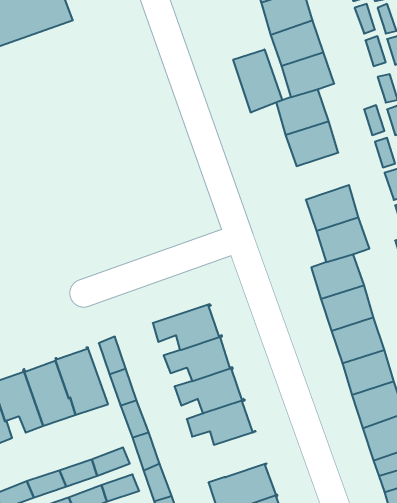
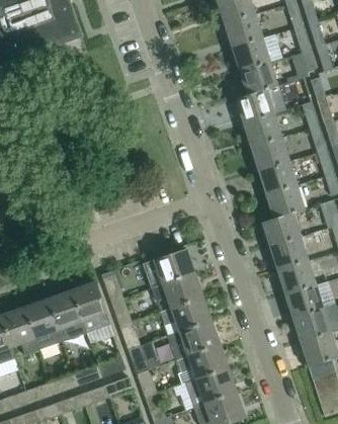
building: [233,49,282,113] -> none
building: none -> [251,136,290,171]
building: none -> [177,344,229,378]

